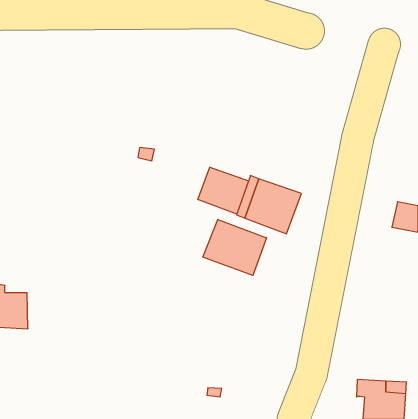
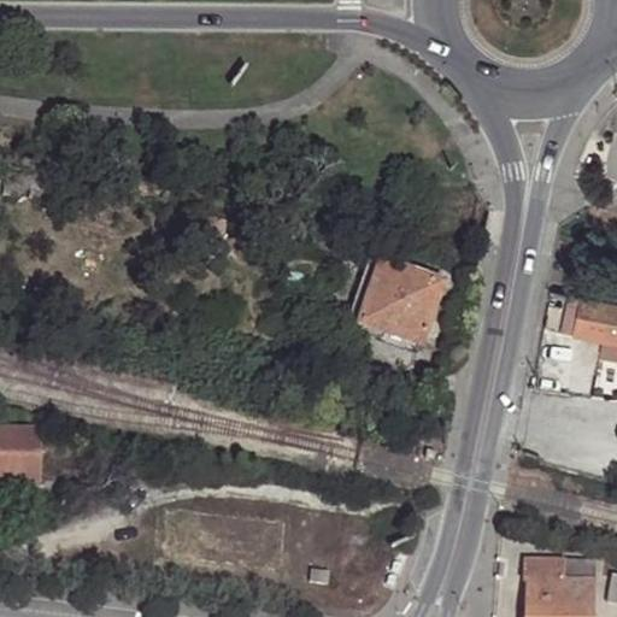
building: [198,167,249,214] -> none
building: [203,219,267,275] -> none

